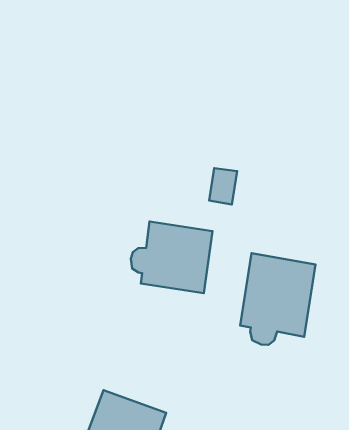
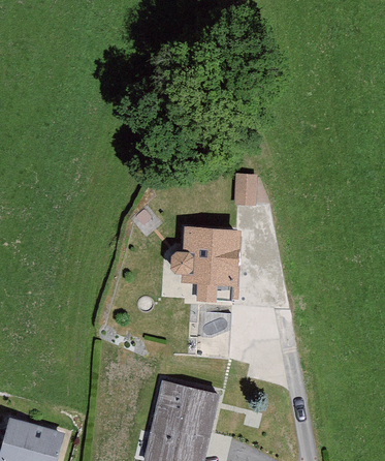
building: [240,253,315,345] -> none

